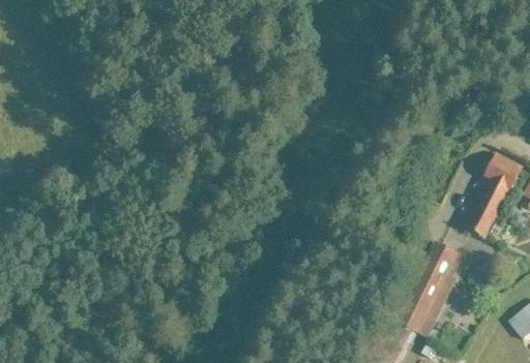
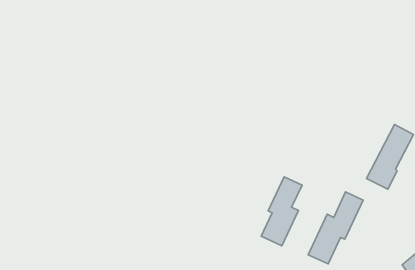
building: none -> [261,177,302,246]

